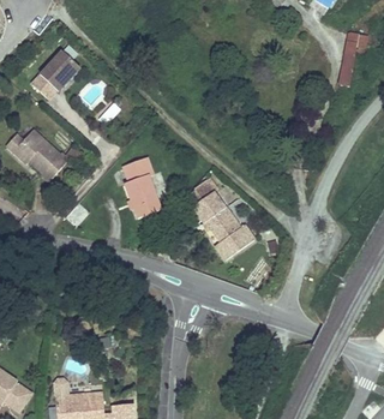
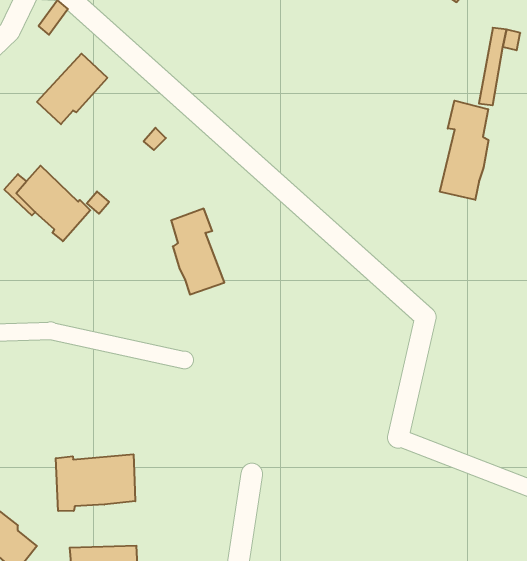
building: none -> [440,101,488,200]
building: [188,186,256,261] -> none
building: none -> [56,454,135,511]

